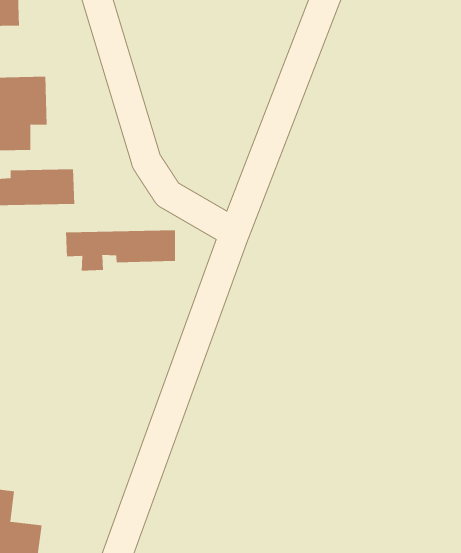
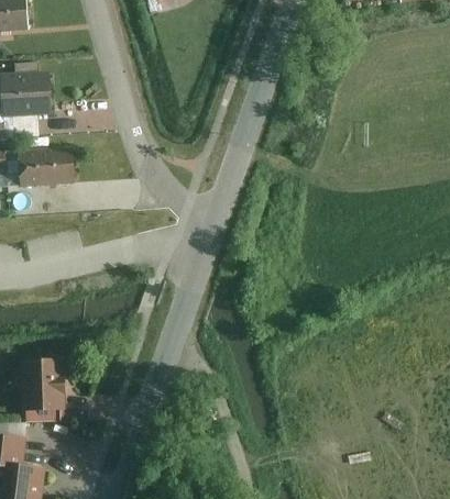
building: [65,230,176,271] -> none
building: none -> [19,357,66,423]

